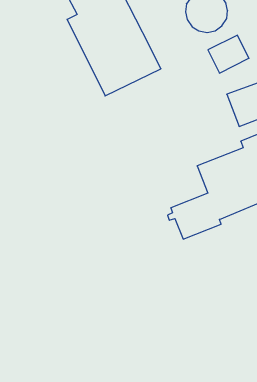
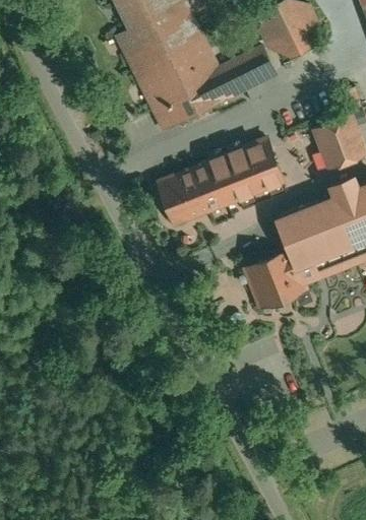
building: [208,35,249,73] -> [218,51,268,98]
building: none -> [159,138,283,223]

